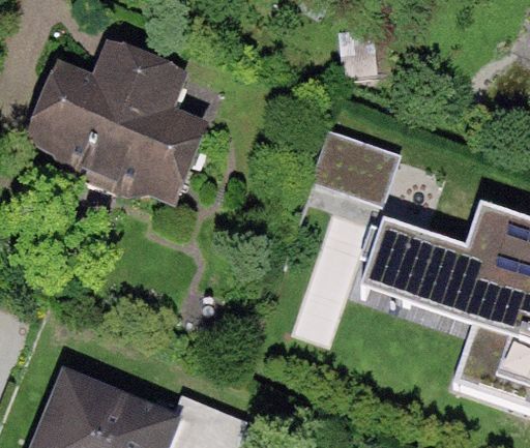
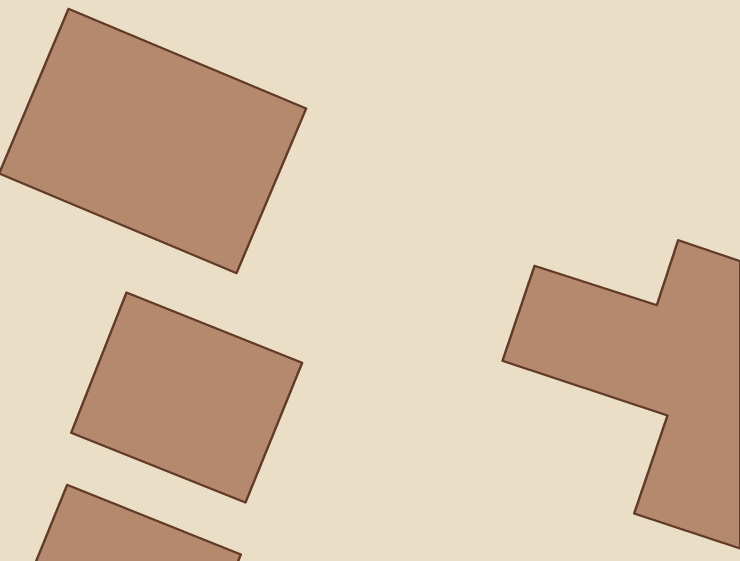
building: [310,133,398,209] -> none
building: none -> [71,292,302,503]

